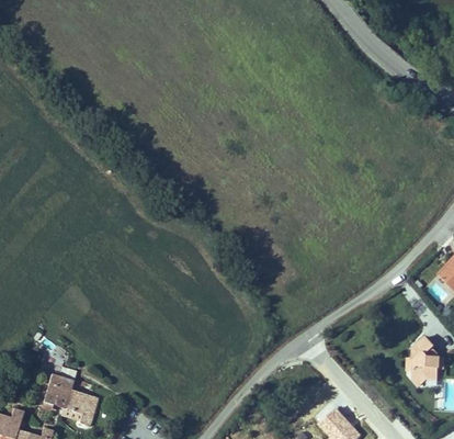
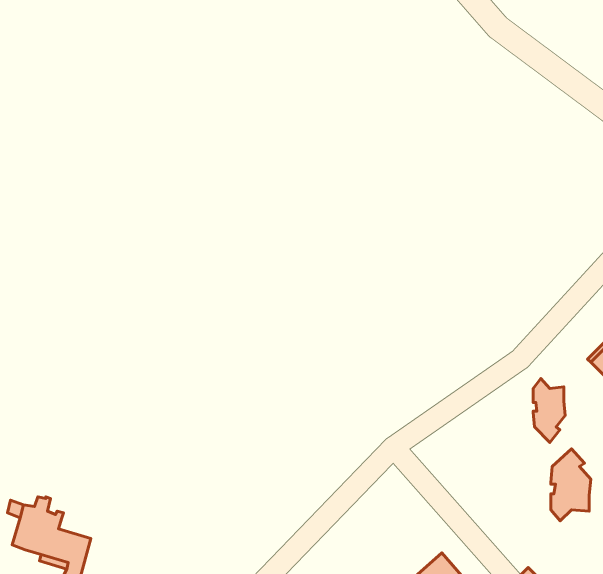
building: none -> [533,378,565,443]

